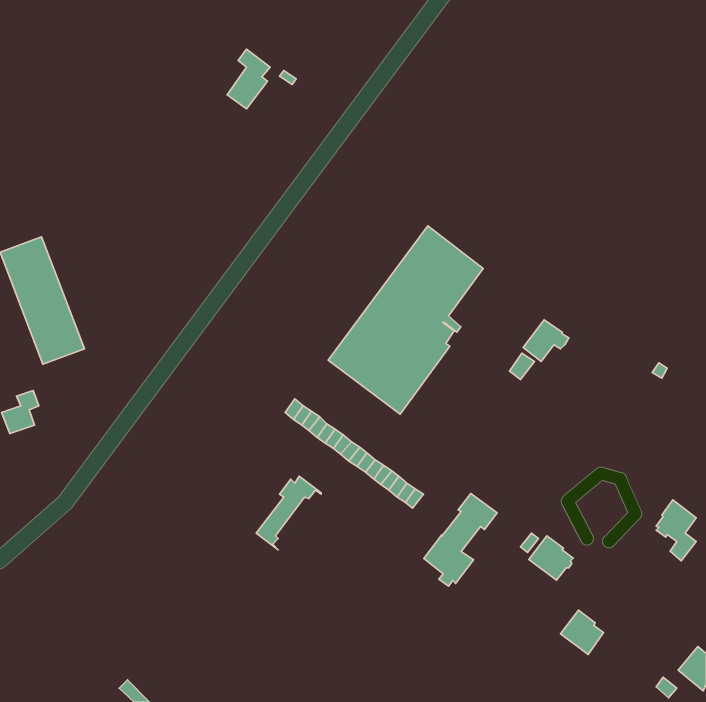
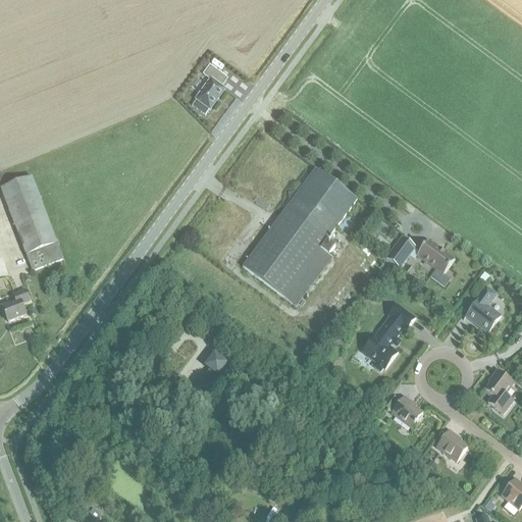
building: [227,49,270,109] -> [195,63,226,107]
building: none -> [416,238,454,273]
building: none -> [464,284,501,331]
building: [424,493,497,586] -> [361,302,415,370]
building: [561,610,603,655] -> [435,428,467,461]

